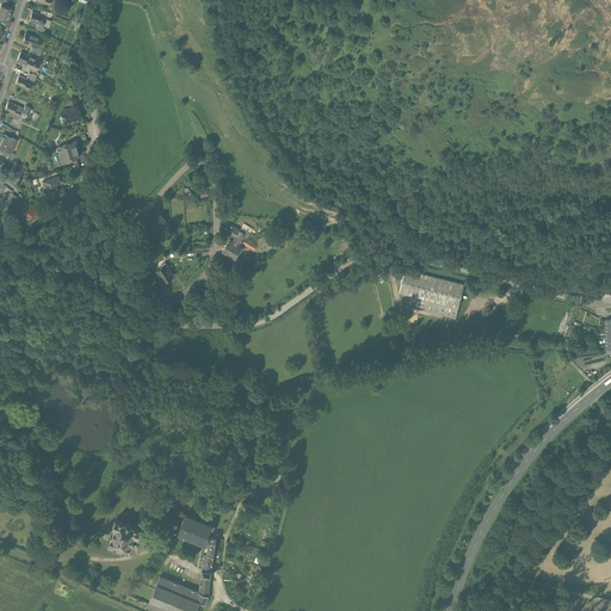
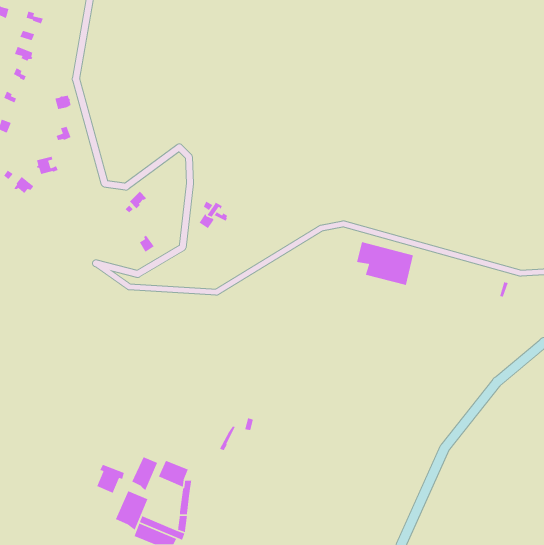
building: none -> [131,456,158,491]
building: none -> [115,490,149,531]

